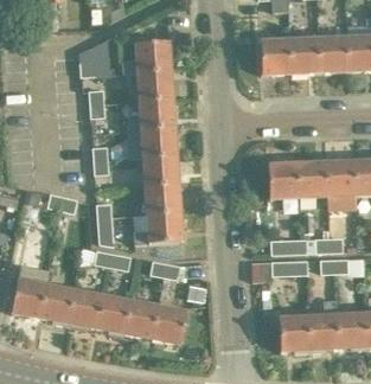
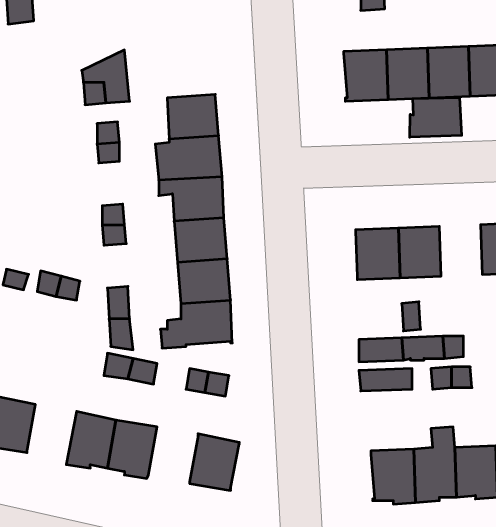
building: [122,40,171,73] -> none
building: none -> [410,98,462,137]
building: [326,160,356,196] -> none
building: [40,284,75,326] -> none
building: [124,300,159,338] -> none

